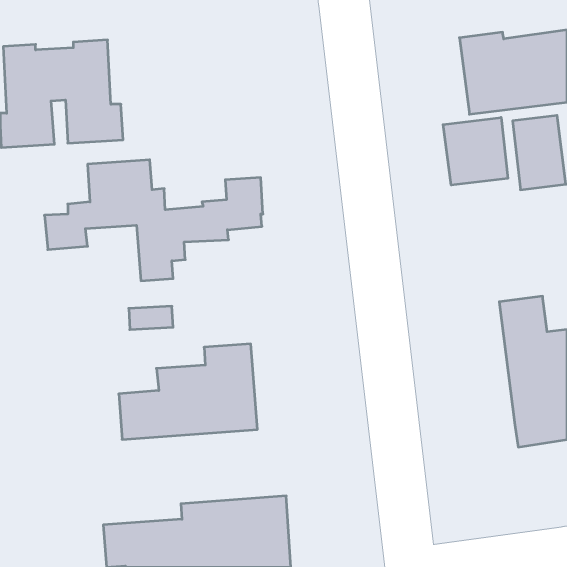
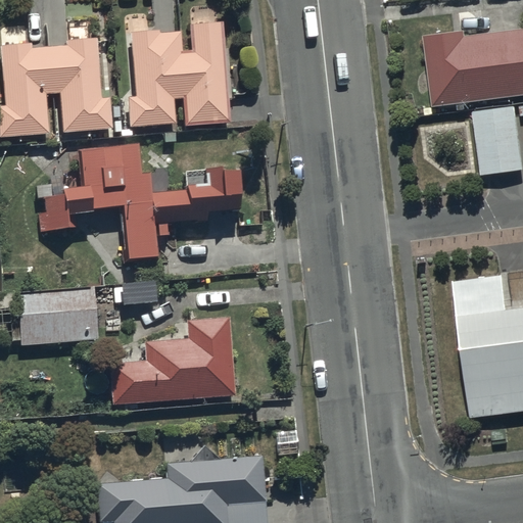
building: none -> [128,21,227,127]
building: [443,117,508,185] -> none
building: none -> [18,288,98,344]

